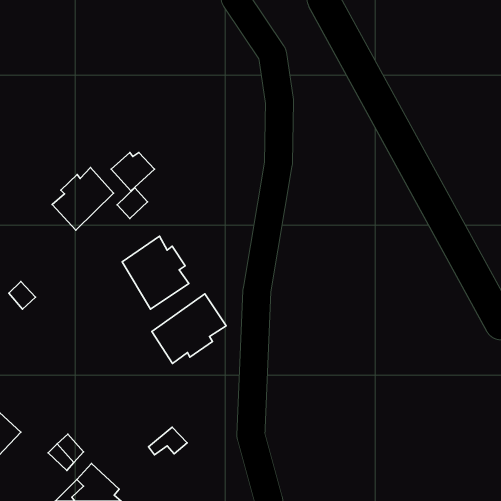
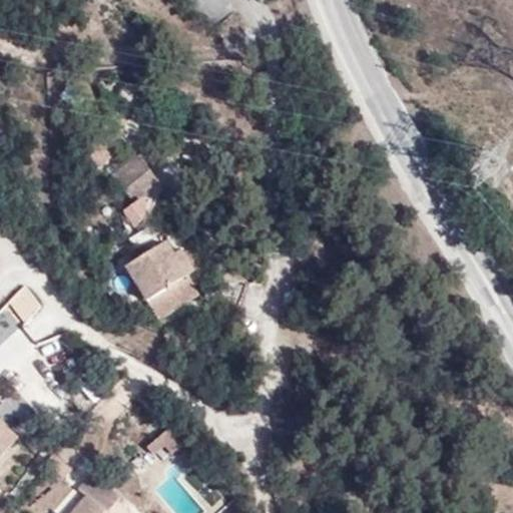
building: [52,168,113,230] -> none
building: [152,294,226,363] -> none

